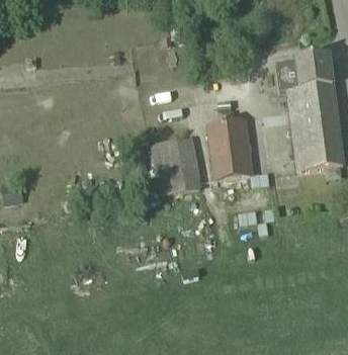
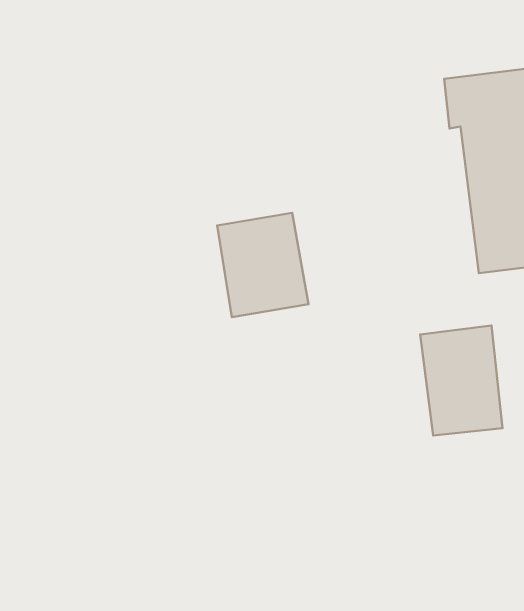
building: [207,116,253,177] -> [420,325,503,435]

